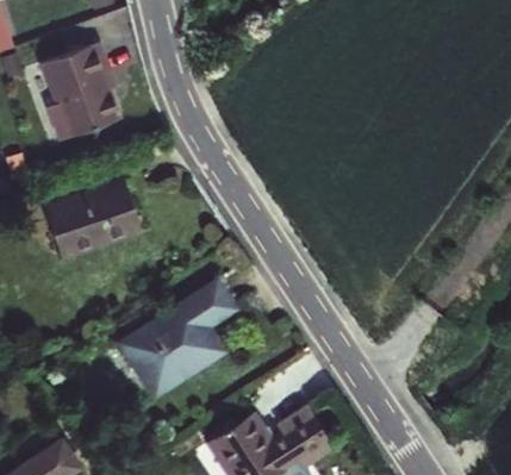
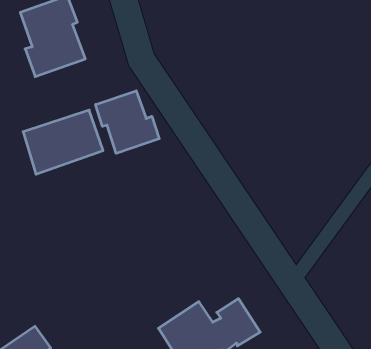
building: none -> [96,91,159,153]
building: [119,280,236,398] -> none

